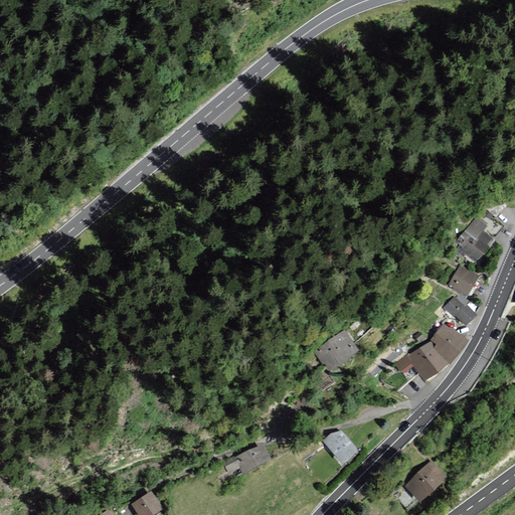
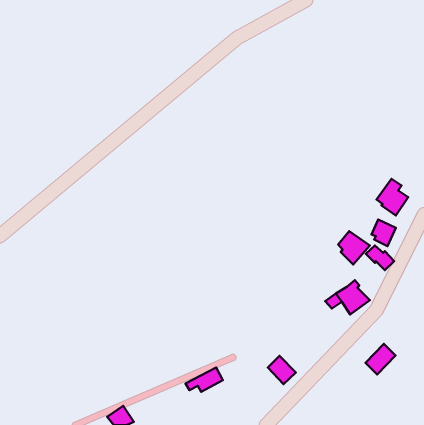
building: [430,323,468,363] -> [338,231,370,265]
building: [314,330,358,372] -> none
building: [407,462,444,499] -> [366,344,396,375]

